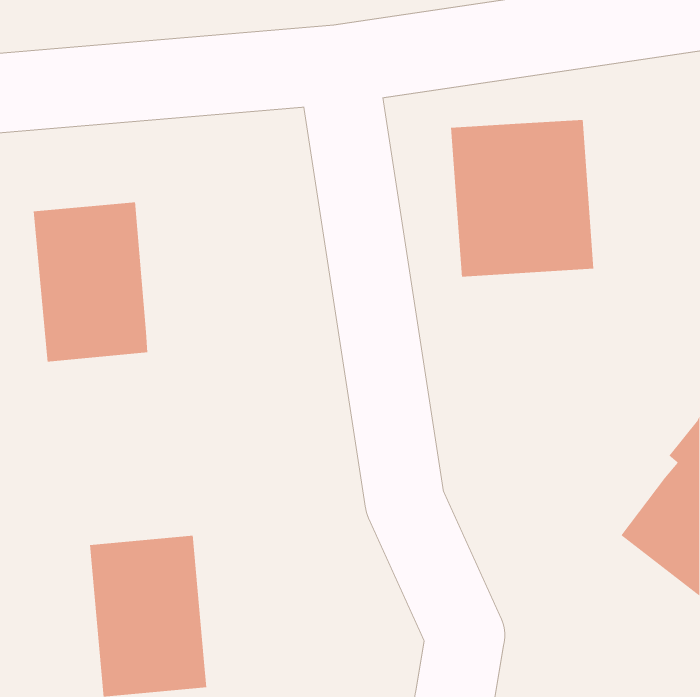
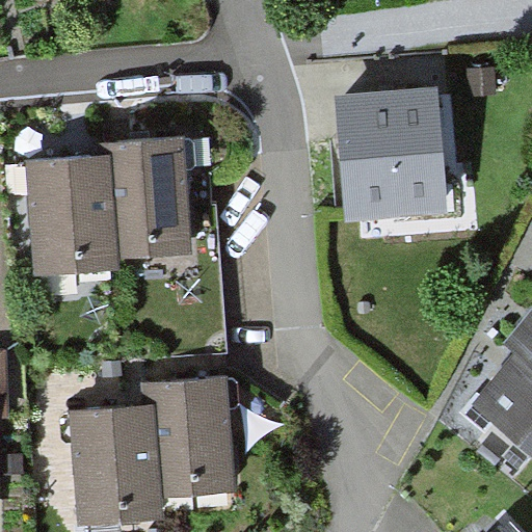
building: none -> [101,129,192,255]
building: none -> [144,375,236,502]

